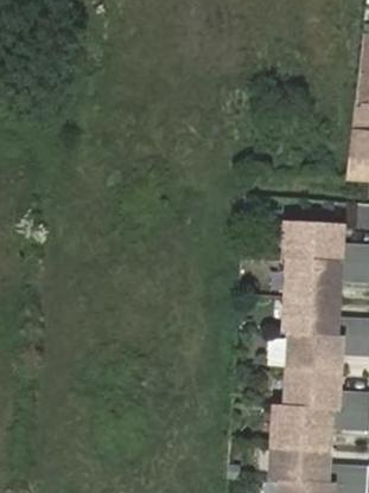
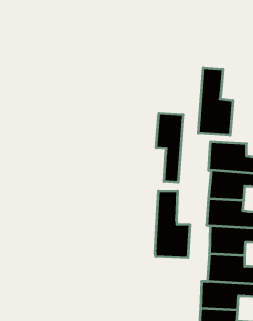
building: none -> [198,68,233,135]
building: none -> [156,113,183,182]
building: none -> [155,191,190,258]

